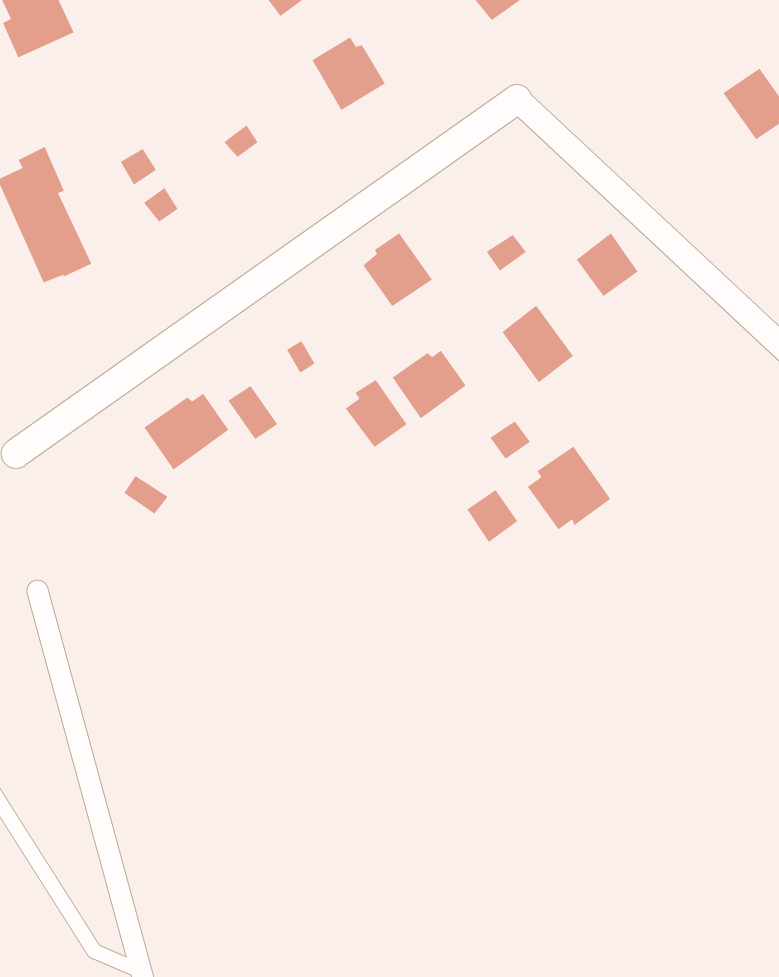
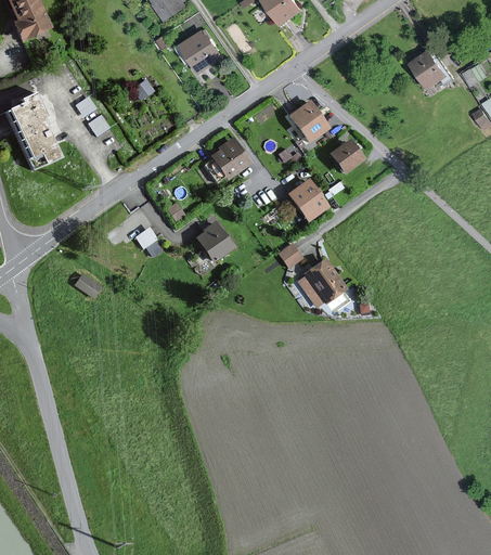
building: none -> [286,102,327,145]
building: [392,350,466,419] -> none
building: [144,393,229,471] -> none
building: [467,489,518,543] -> none

